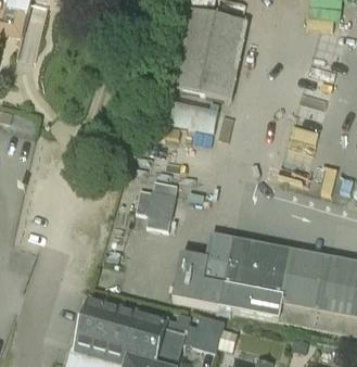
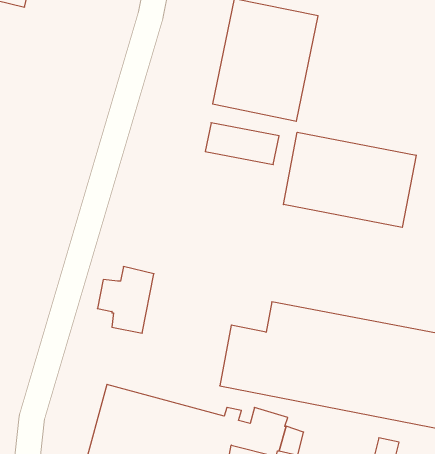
building: none -> [283,132,416,227]
building: [135,179,177,229] -> [97,267,154,333]

